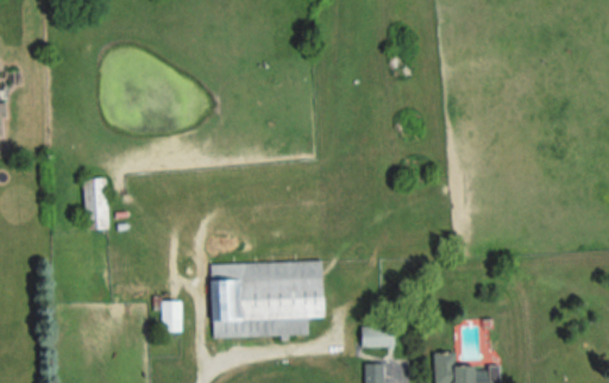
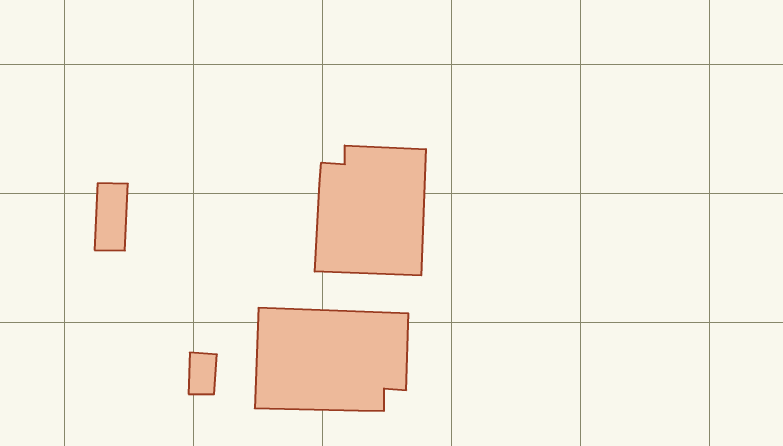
building: none -> [315,145,426,275]
building: [362,326,395,349] -> none

